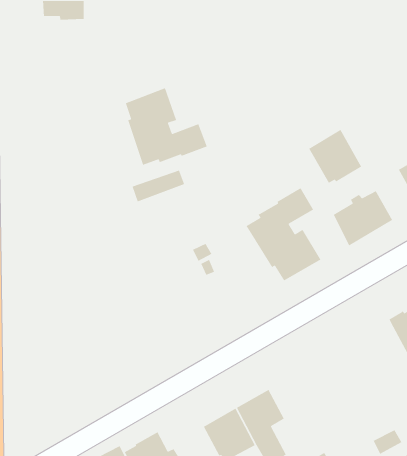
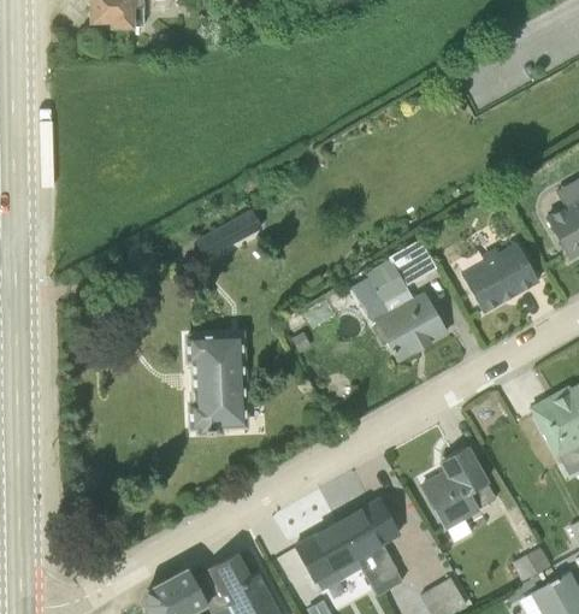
building: [125,87,208,166] -> none
building: [308,129,362,184] -> none
building: none -> [184,332,249,437]
building: none -> [419,445,496,543]

